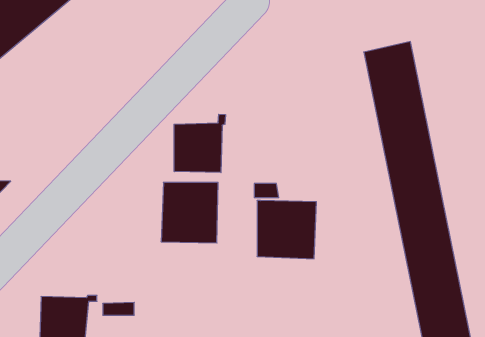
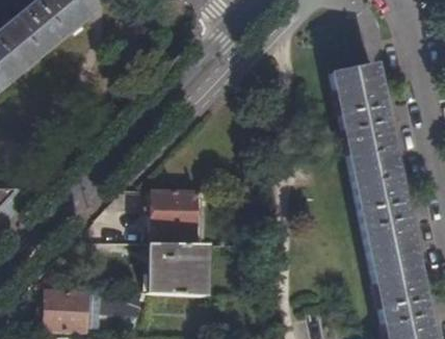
building: [174,114,225,173] -> none
building: [257,201,316,259] -> [151,242,204,294]

